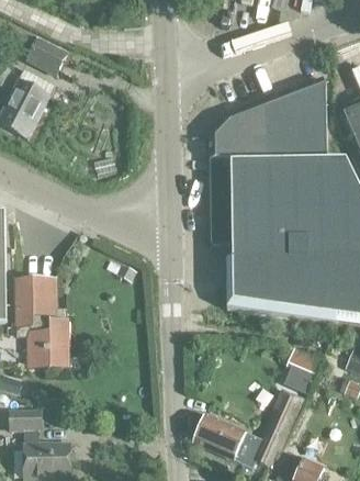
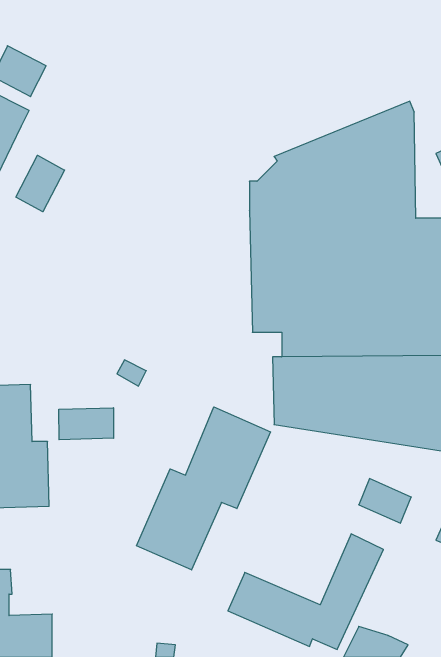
building: none -> [16,155,65,212]
building: none -> [137,407,270,570]
building: none -> [59,408,114,440]

